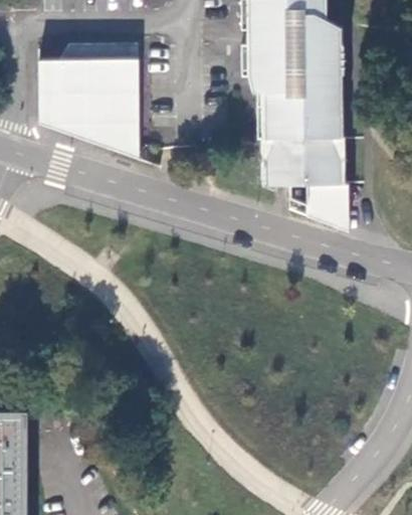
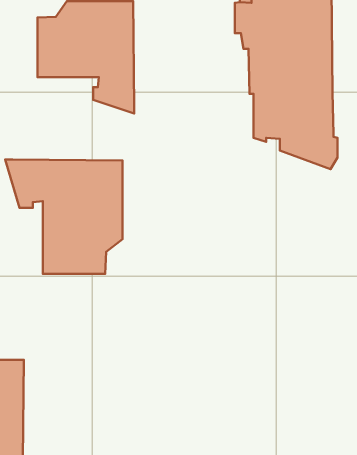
building: none -> [5,159,122,274]

